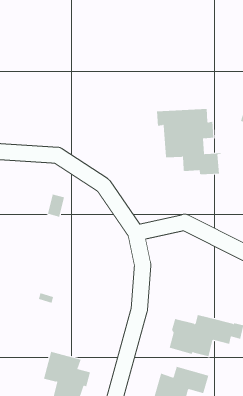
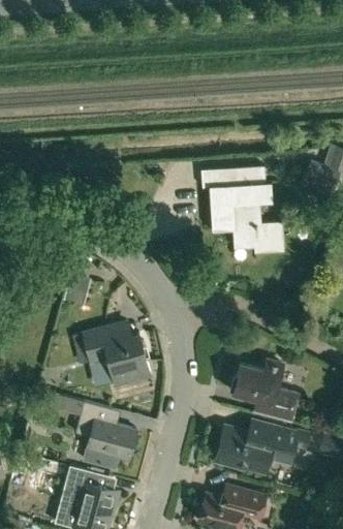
building: none -> [82,321,150,385]
building: none -> [229,361,298,423]
building: none -> [74,401,136,470]

